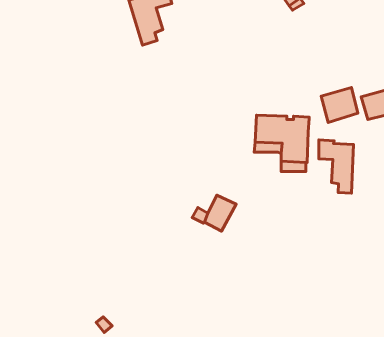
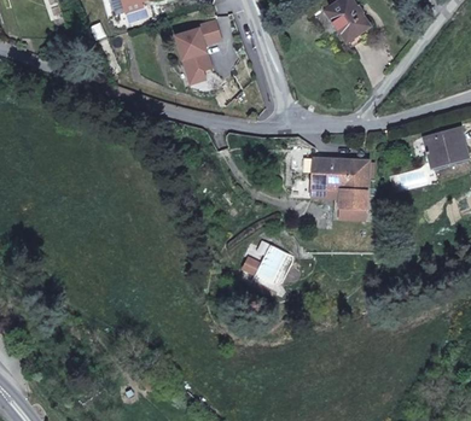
building: [321,88,358,123] -> none
building: [319,140,354,193] -> none

